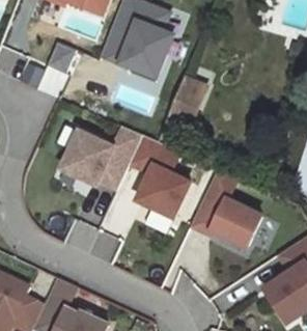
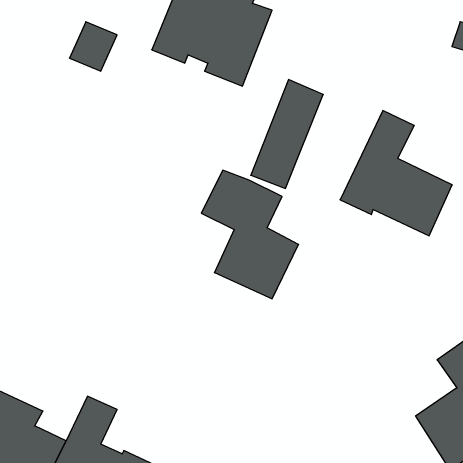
building: [62,127,142,189] -> none
building: [190,169,260,248] -> [340,111,452,236]

